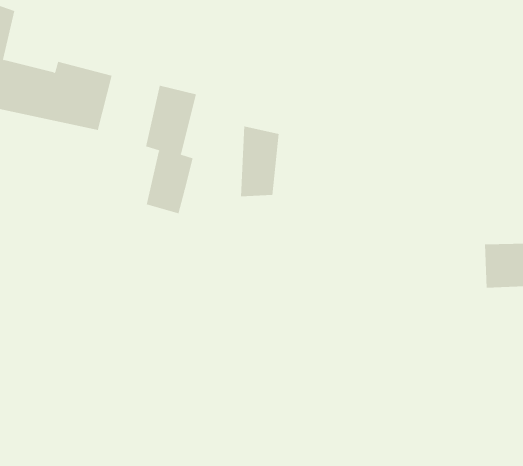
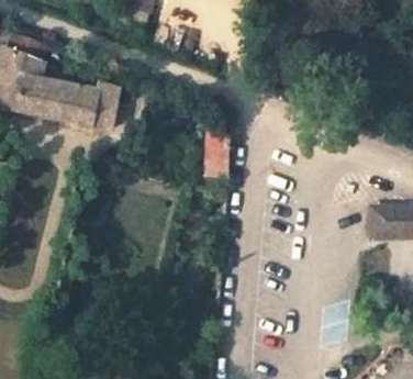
building: [146,85,196,214] -> none

